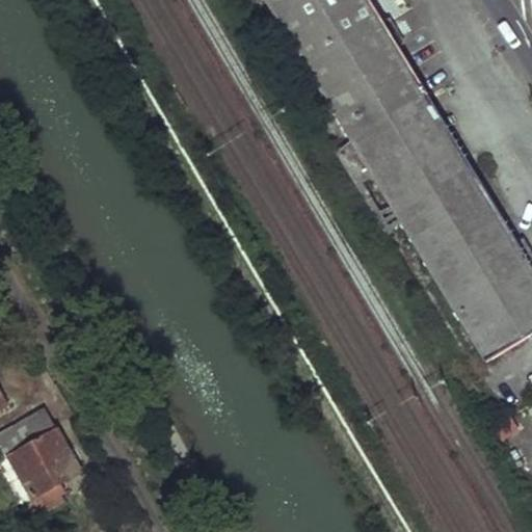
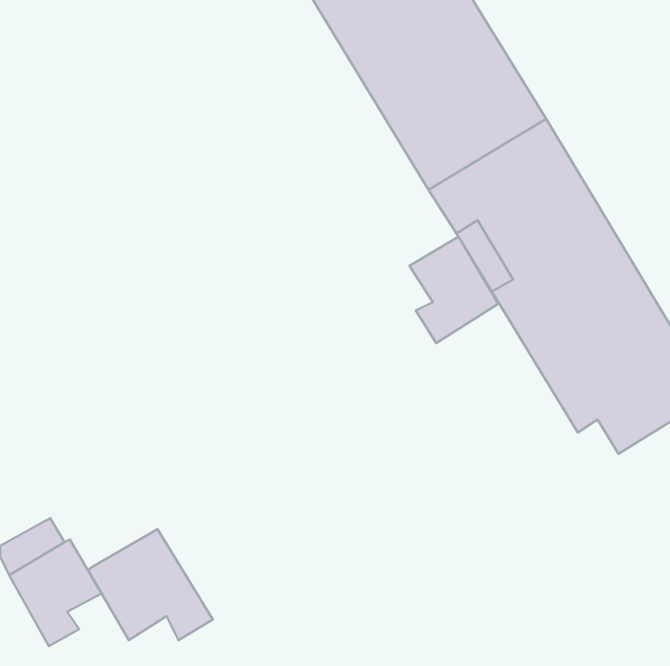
building: none -> [410,237,498,343]
building: none -> [88,529,213,640]

